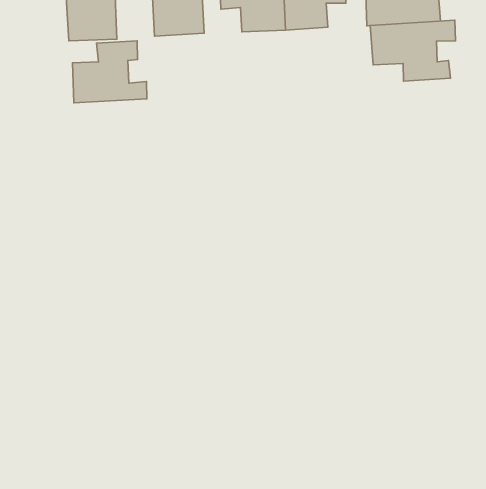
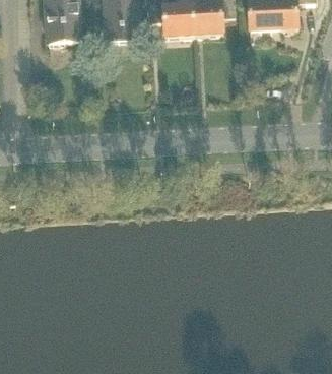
building: [370,20,455,81] -> none
building: [73,41,147,103] -> none

